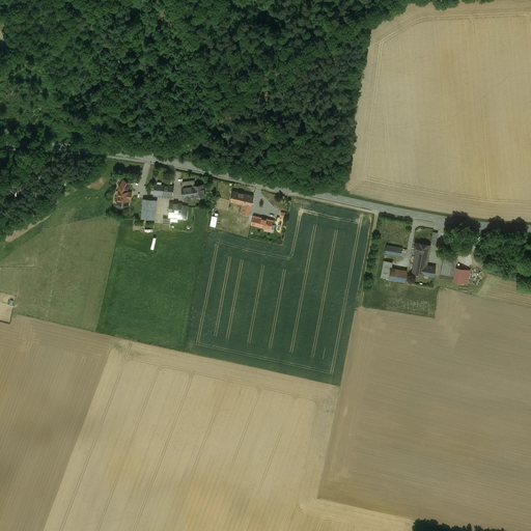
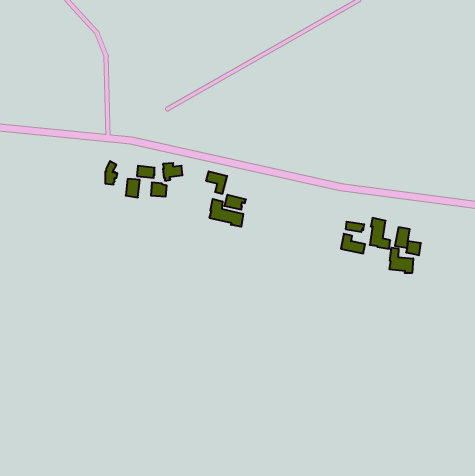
building: none -> [210,199,243,227]
building: none -> [390,248,413,273]

